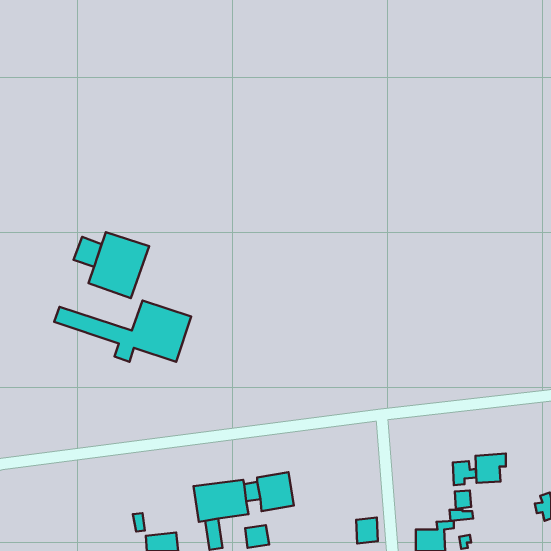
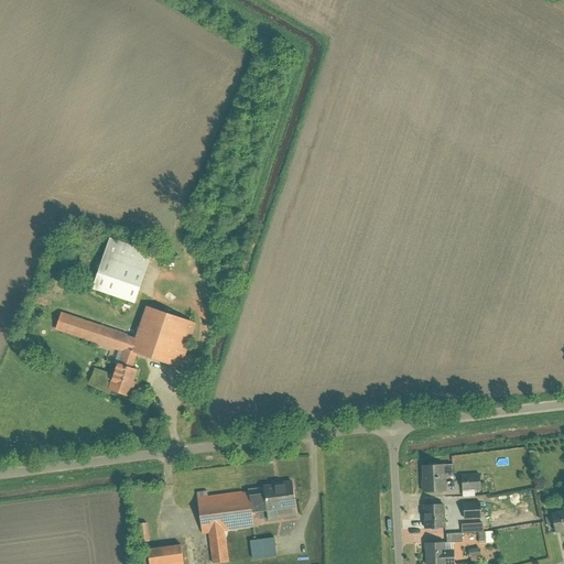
building: [74,237,101,267] -> none
building: none -> [108,362,137,398]
building: [476,454,506,483] -> [421,460,452,490]
building: [356,518,378,543] -> [423,500,445,527]

